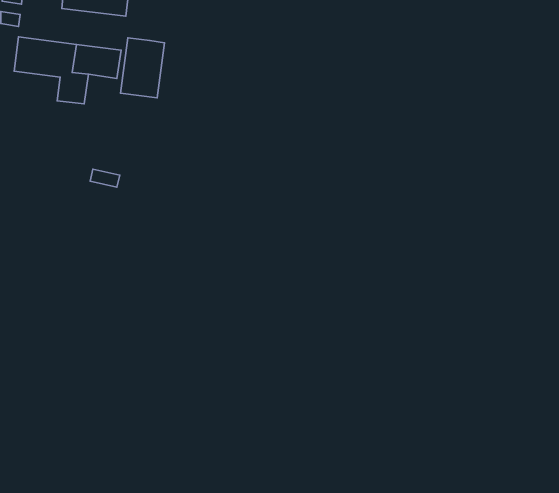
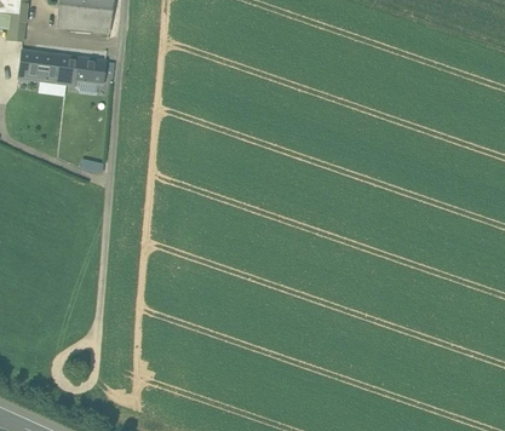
building: [121,38,165,98] -> none

